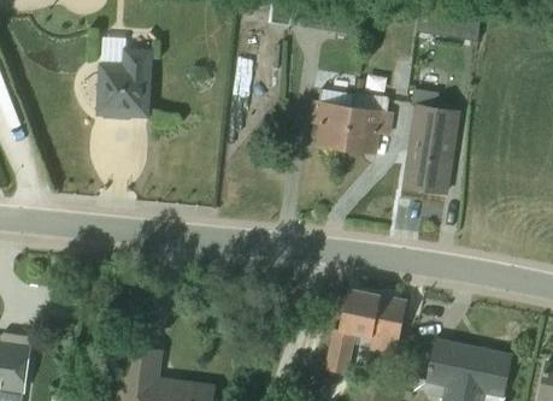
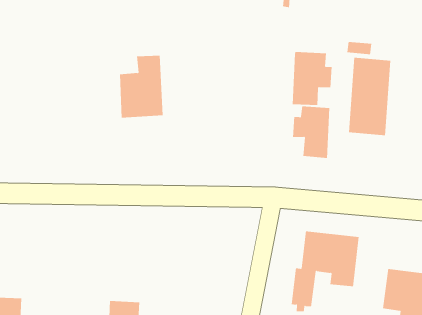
building: [99,48,148,116] -> [119,55,163,118]
building: [307,90,352,151] -> [292,106,330,158]

